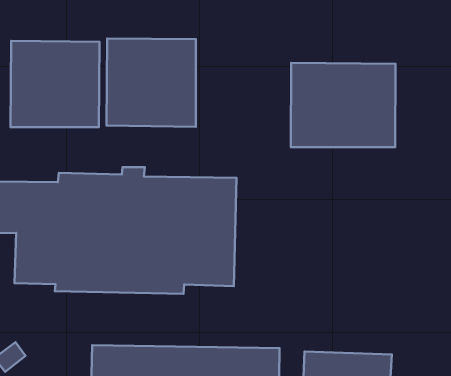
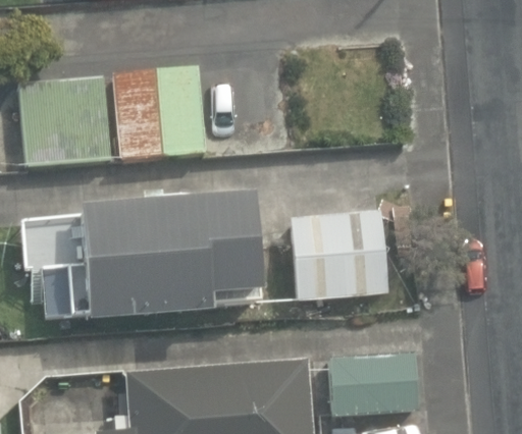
building: [291,63,395,147] -> none
building: none -> [292,208,387,302]

